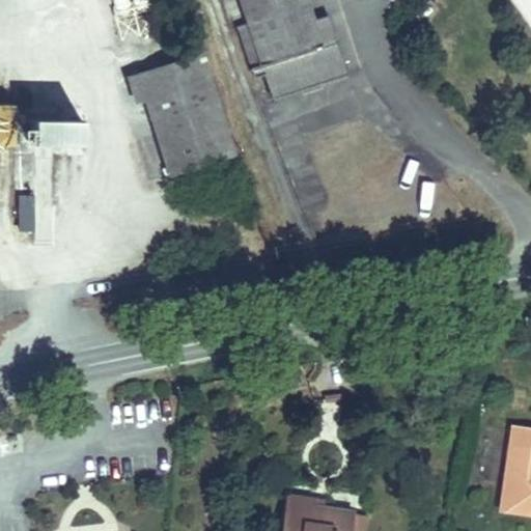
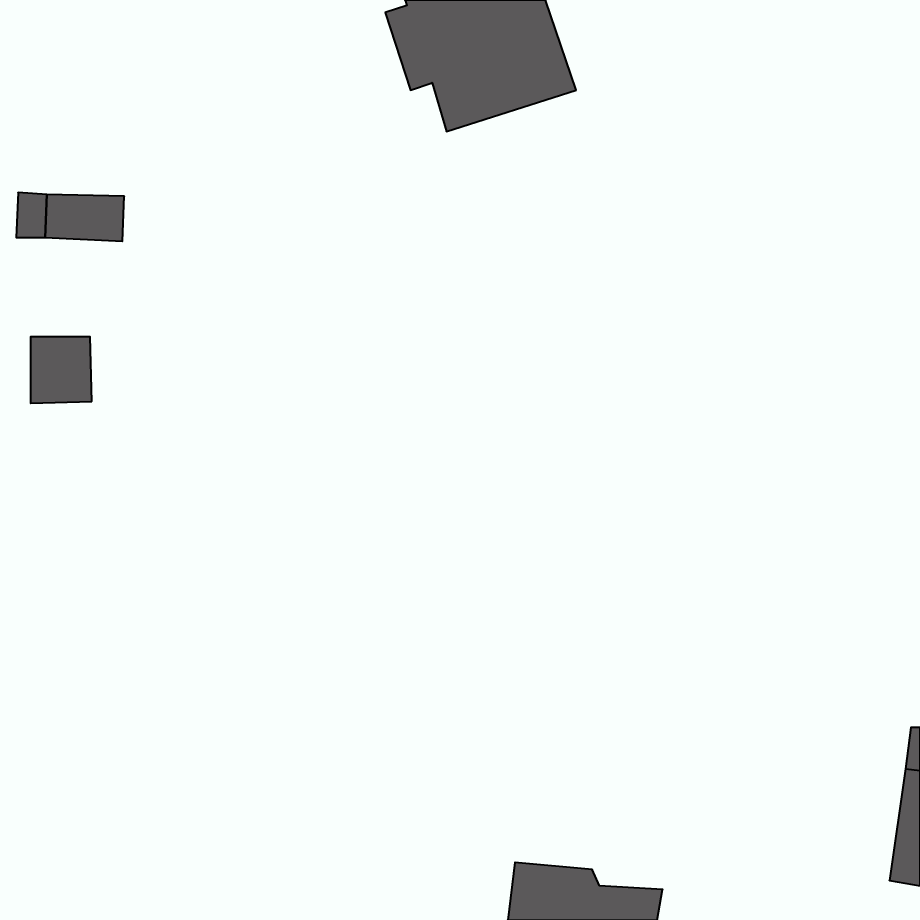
building: [133,54,230,172] -> none

